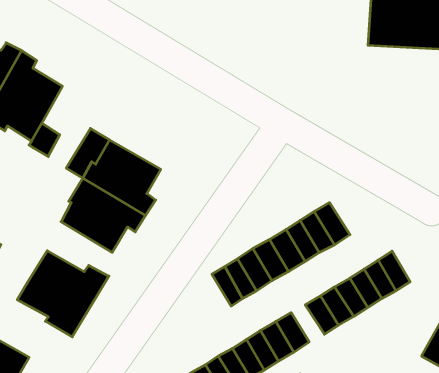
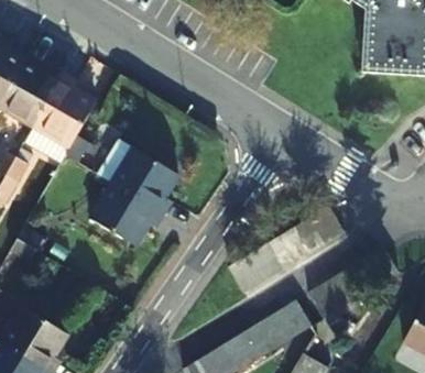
building: [17,251,109,337] -> none

